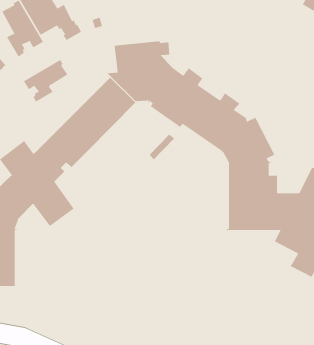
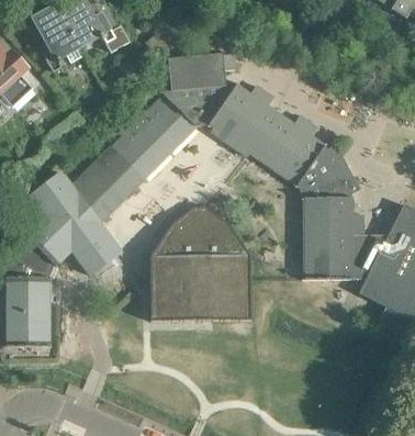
building: [23,59,68,103] -> none
building: none -> [149,205,250,321]

